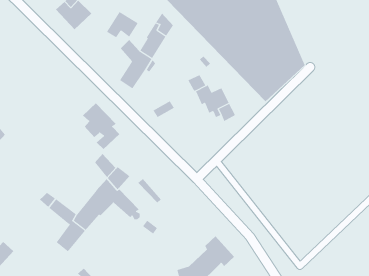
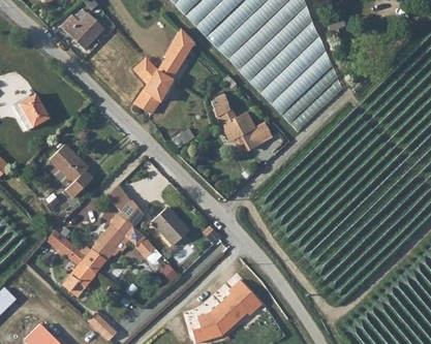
building: [106,11,139,38] -> none
building: none -> [21,96,50,128]
building: [82,103,120,150] -> [49,144,91,196]
building: none -> [160,205,191,238]

